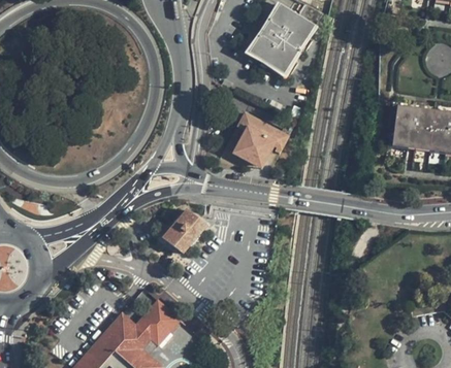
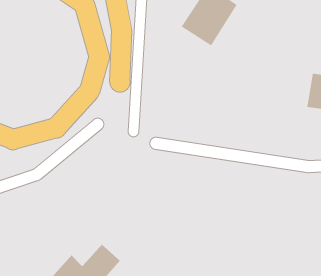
building: [234,111,289,165] -> none
building: [162,209,205,254] -> none

